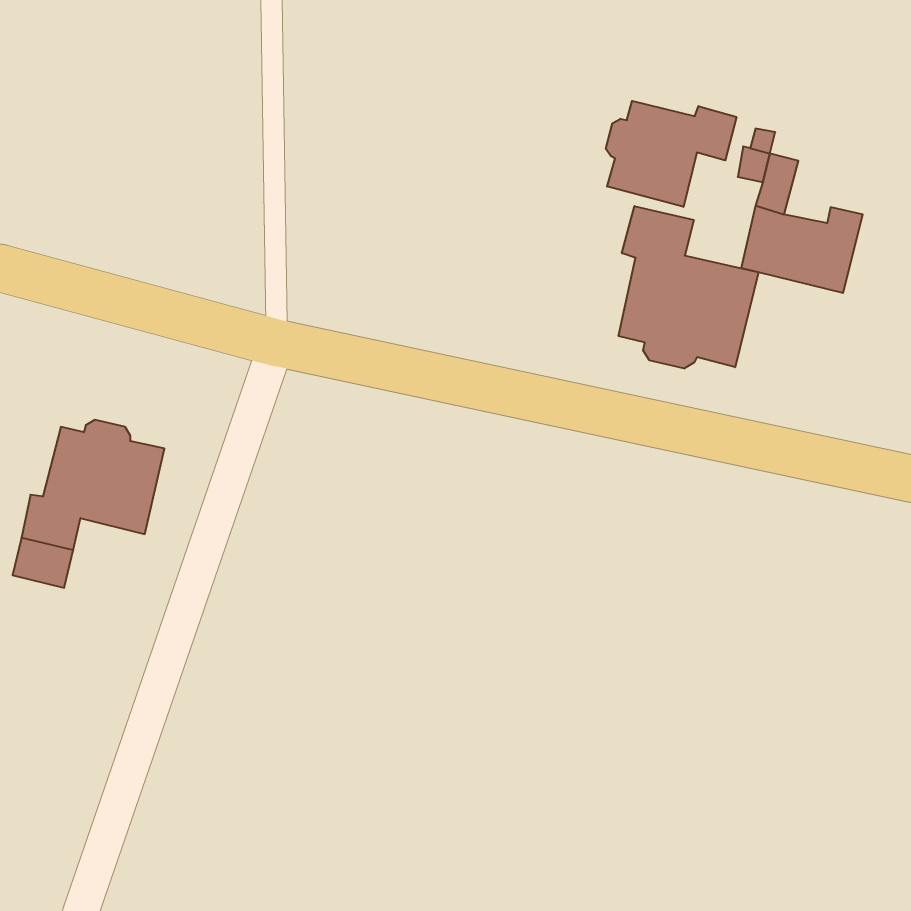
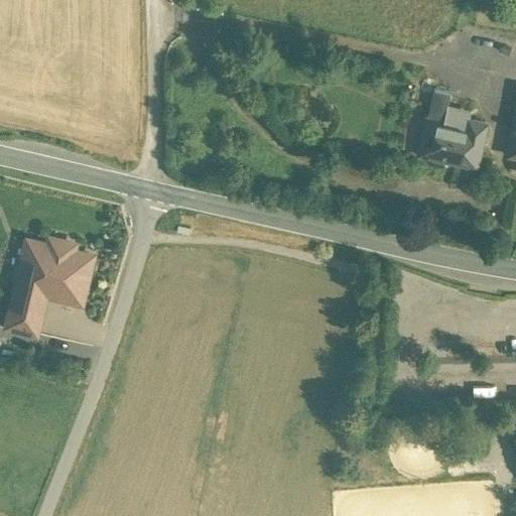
building: [606,101,736,207] -> none
building: [619,206,758,369] -> none

